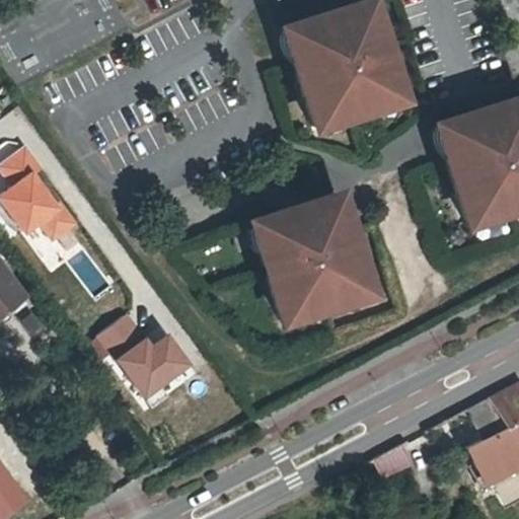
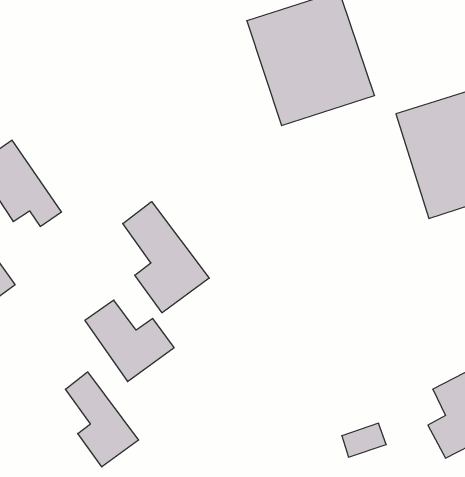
building: [246,190,380,331] -> none
building: none -> [123,202,209,313]
building: none -> [65,372,139,467]

